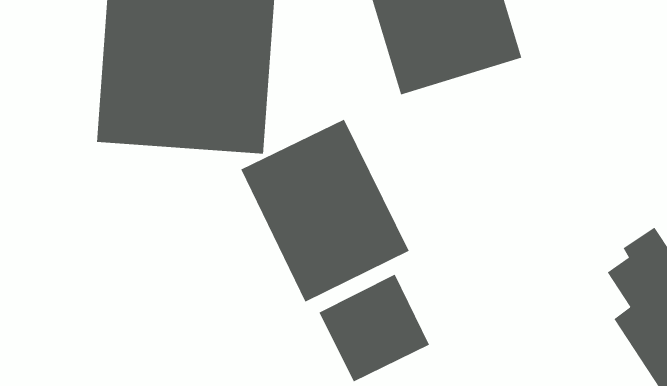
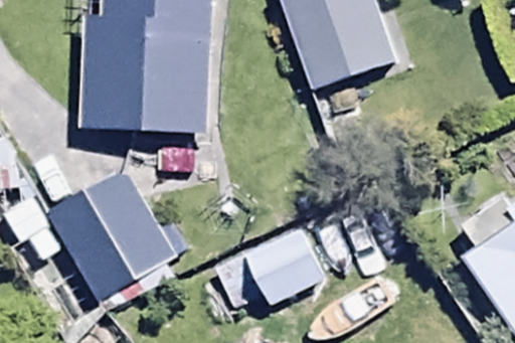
building: [240,119,410,303] -> none
building: none -> [47,167,175,299]

